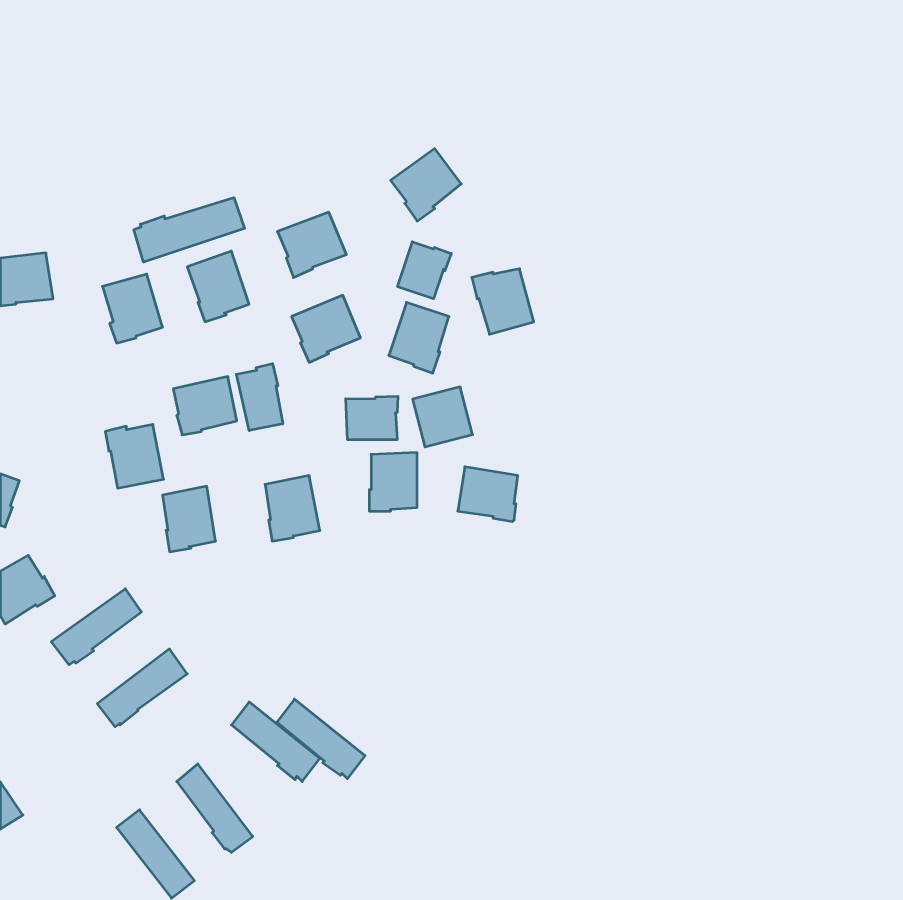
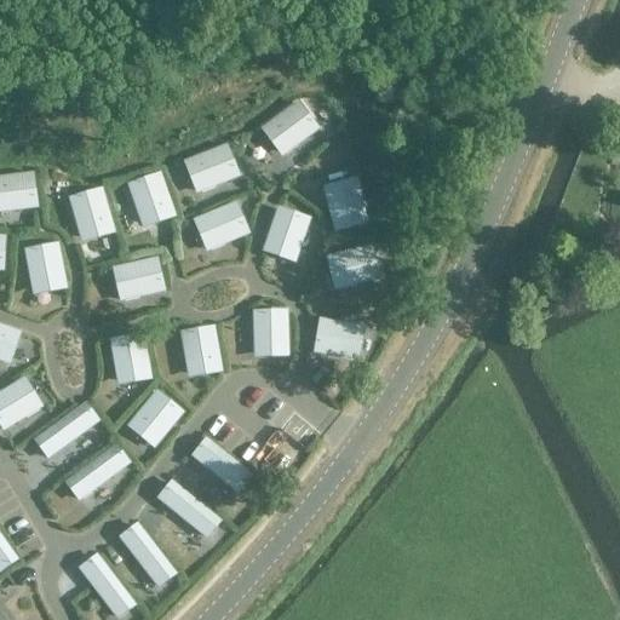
building: [134,198,245,262] -> none
building: [398,242,451,299] -> none
building: [236,364,283,431] -> none
building: [413,387,473,447] -> [332,252,373,293]
building: [346,396,398,440] -> none
building: [105,424,164,488] -> [24,243,64,287]
building: none -> [133,391,182,442]
building: [277,699,365,779] -> [193,438,253,493]

